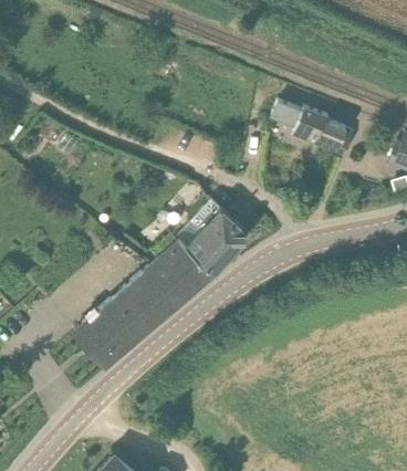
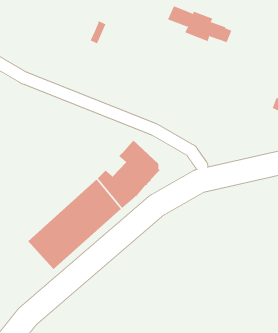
building: [271,101,354,148] -> [167,5,232,43]

